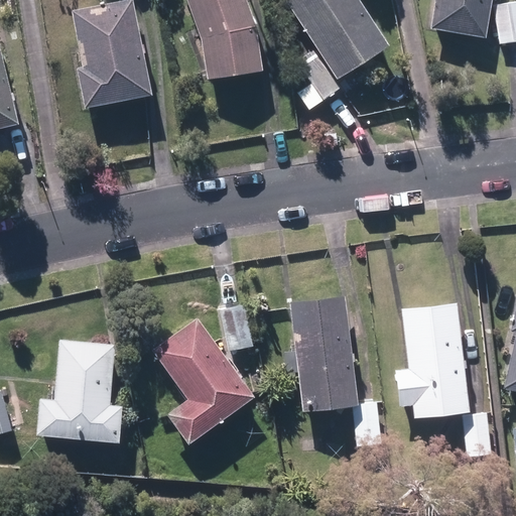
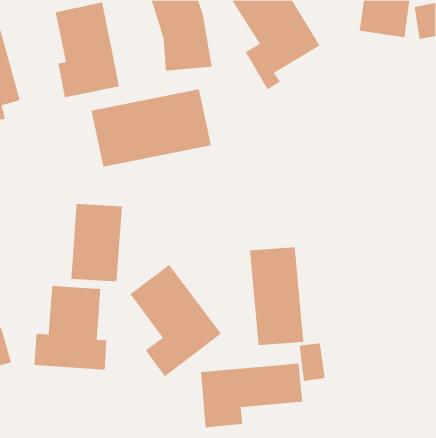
building: none -> [91,89,212,168]
building: none -> [71,203,122,282]
building: [396,301,469,401] -> none
building: none -> [201,363,303,428]

